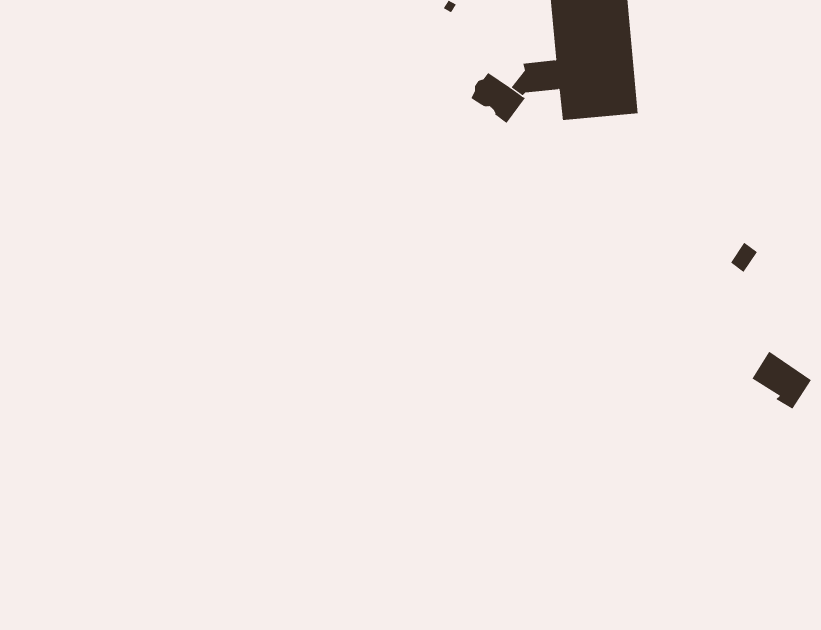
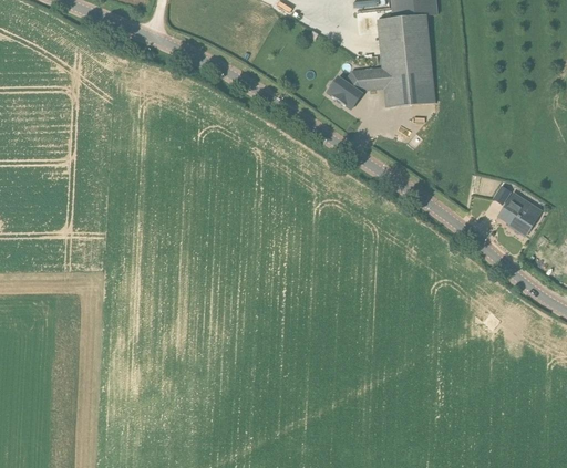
building: [751,351,812,410] -> [498,196,537,233]

